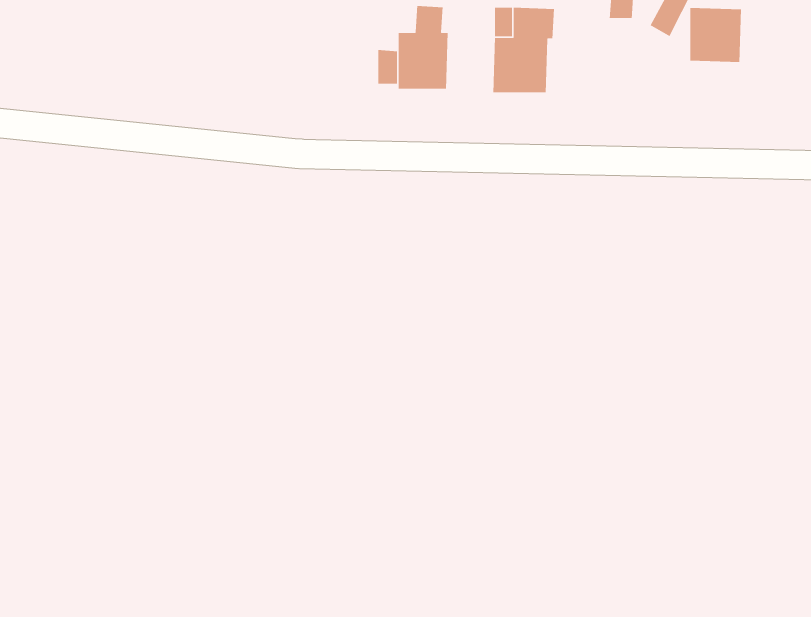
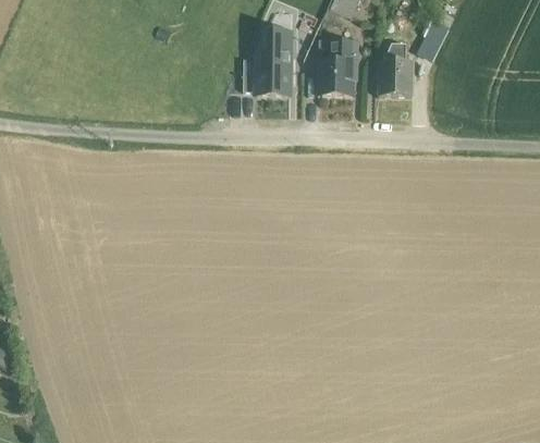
building: [689,7,742,63] -> [380,60,414,96]

